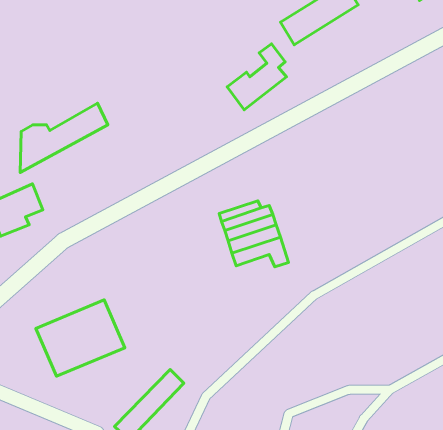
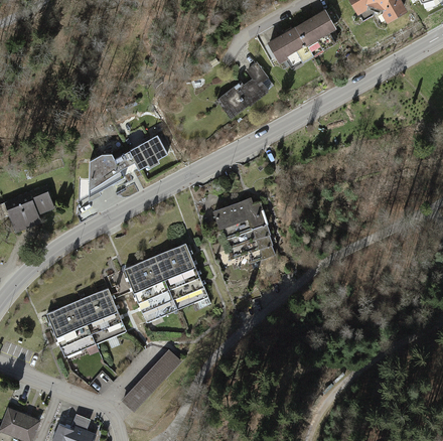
building: [20,103,108,173] -> [88,135,165,196]
building: none -> [121,243,204,323]

